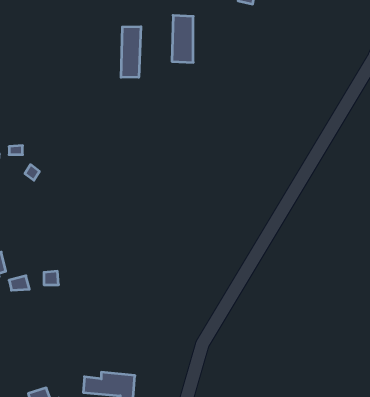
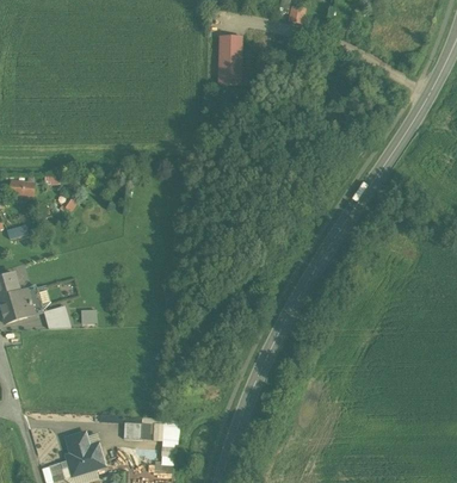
building: [121,27,141,77] -> none

